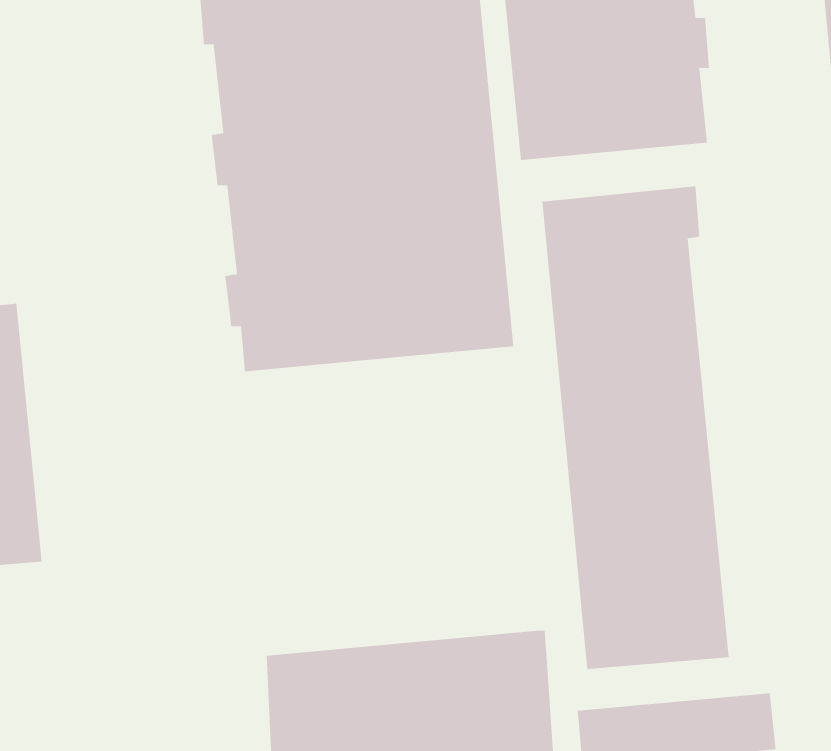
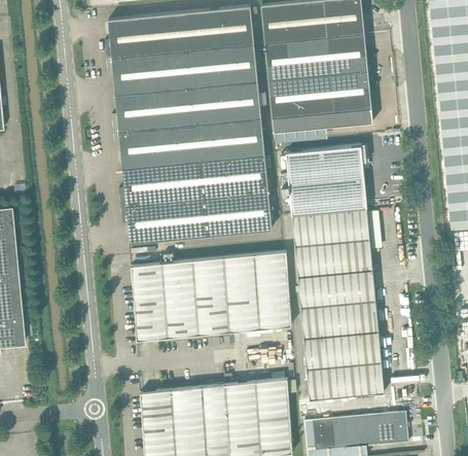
building: none -> [132,251,292,341]

